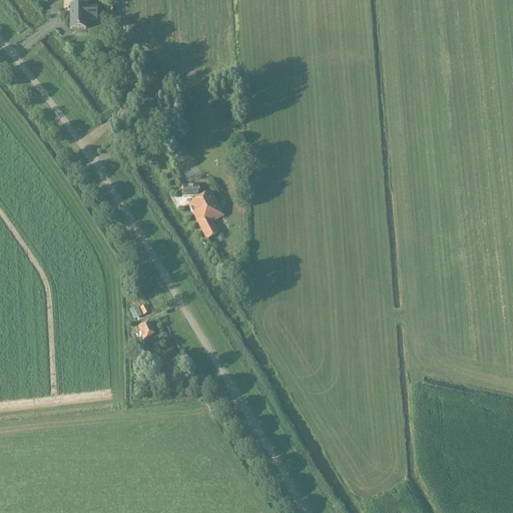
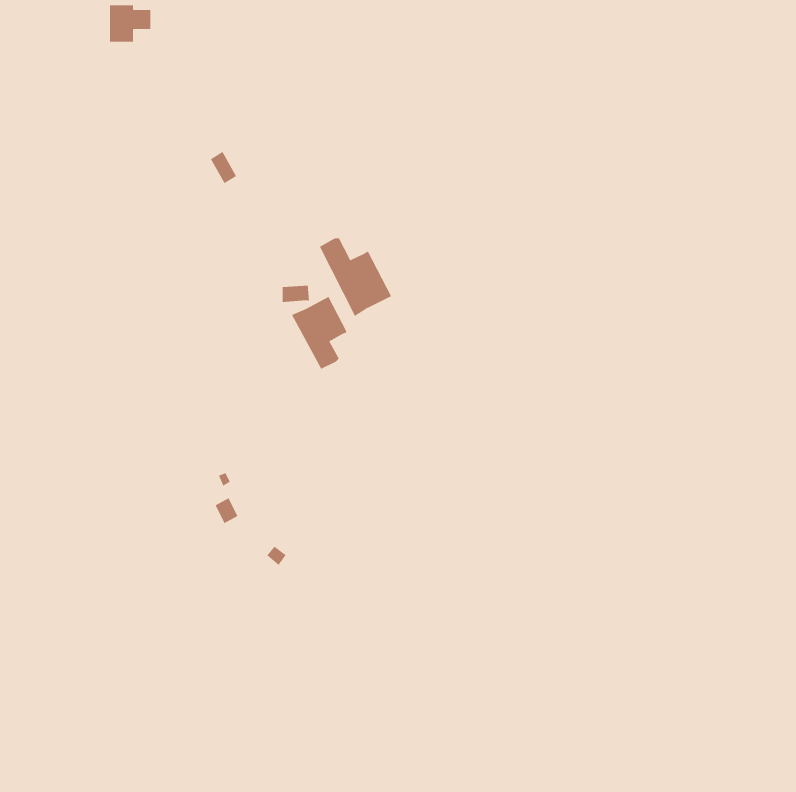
building: none -> [319,237,392,317]

